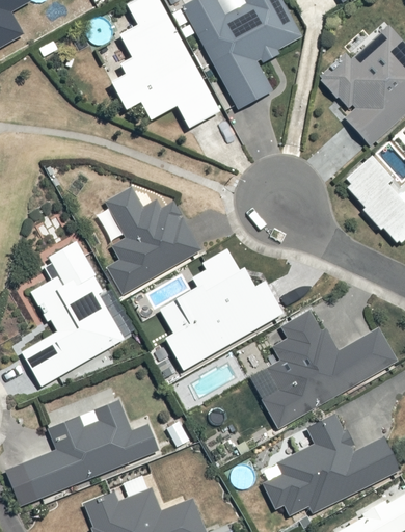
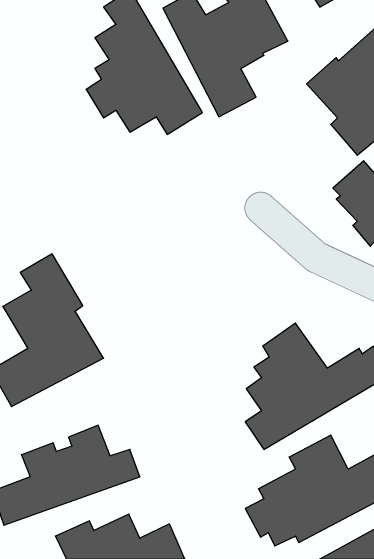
building: [106,184,201,294] -> none
building: [157,245,287,372] -> none

